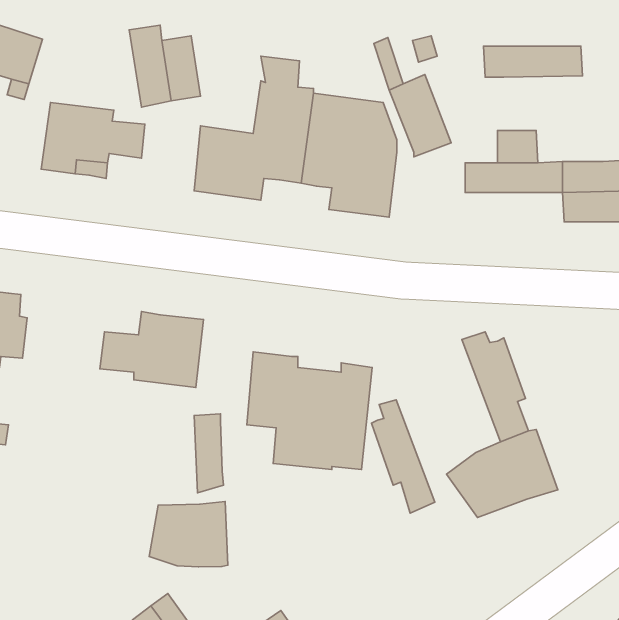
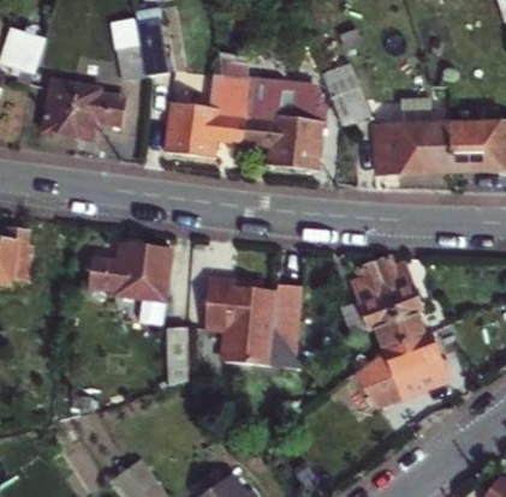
building: [483,46,583,77] -> [375,150,452,174]
building: [371,400,435,513] -> [353,264,403,352]
building: [149,501,228,567] -> none

